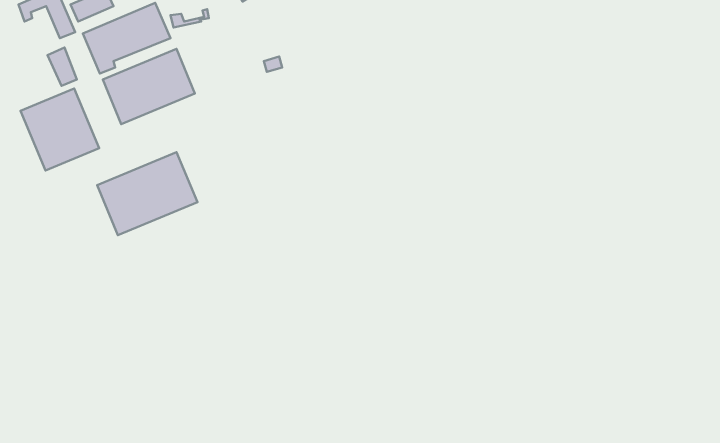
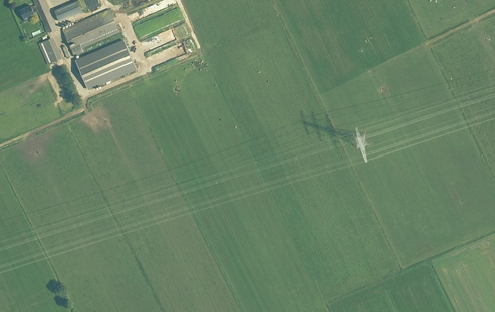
building: [21,88,99,171] -> none
building: [97,152,198,235] -> none

